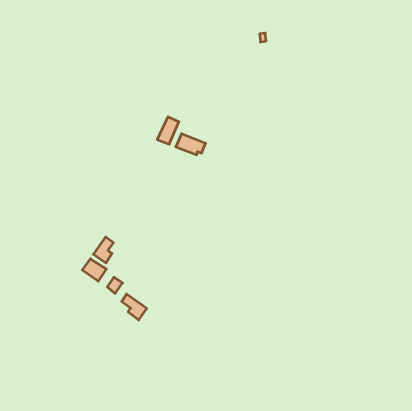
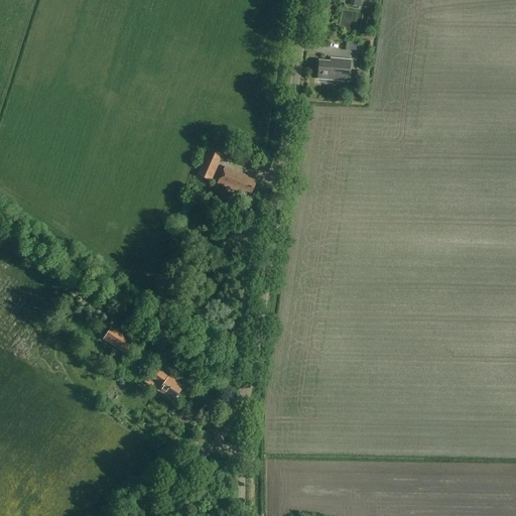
building: none -> [317,58,351,81]
building: [93,237,113,263] -> none

